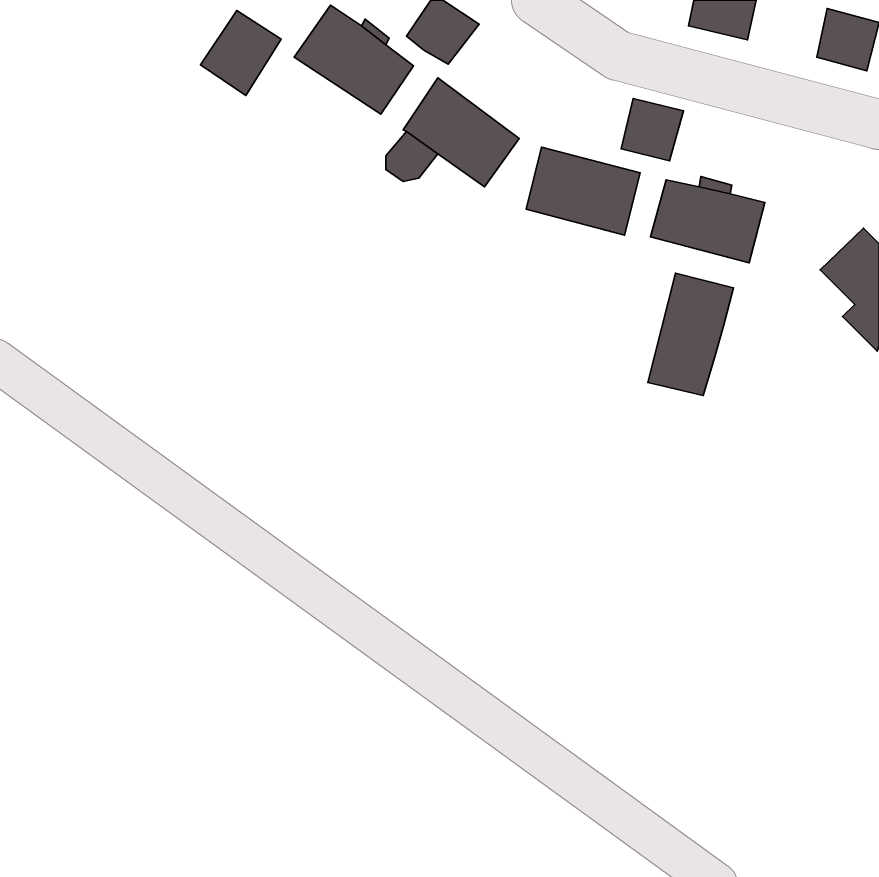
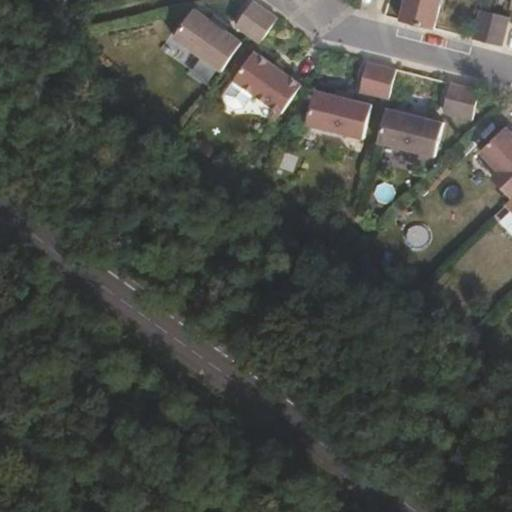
building: [200,10,281,95] -> none
building: none -> [440,81,476,118]
building: [648,273,734,396] -> none

